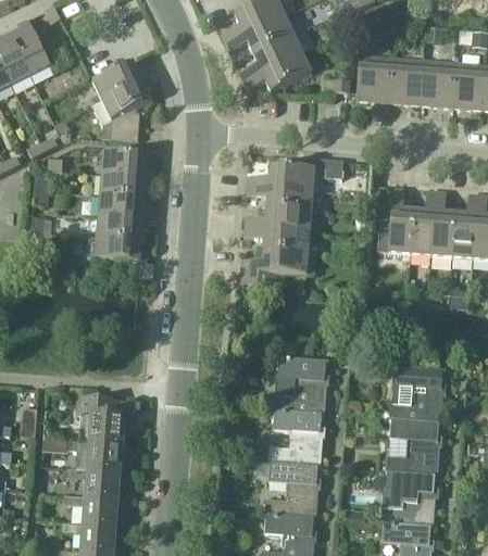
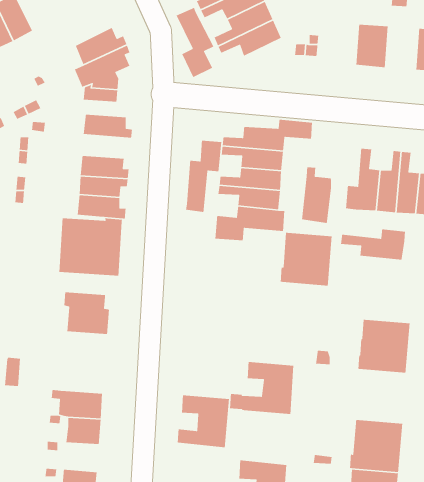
building: none -> [176,7,214,78]
building: [356,55,391,101] -> none
building: [420,60,454,106] -> none
building: [101,174,153,199] -> none
building: none -> [185,140,222,213]
building: none -> [301,167,332,224]
building: none -> [58,218,123,276]
building: none -> [340,229,406,260]
building: [273,358,328,416] -> [280,232,333,287]
building: [76,400,125,445] -> [63,292,110,335]
building: [386,420,441,477] -> none
building: [265,464,321,520] -> [177,394,230,448]
building: [82,497,120,528] -> none

